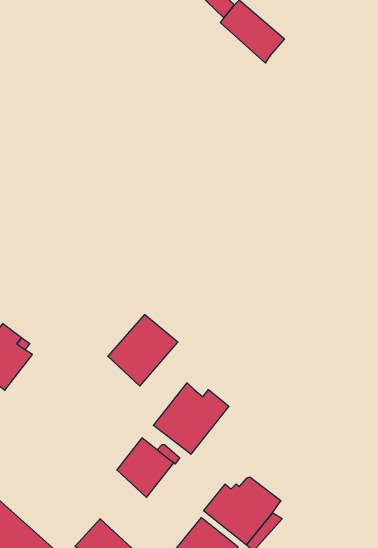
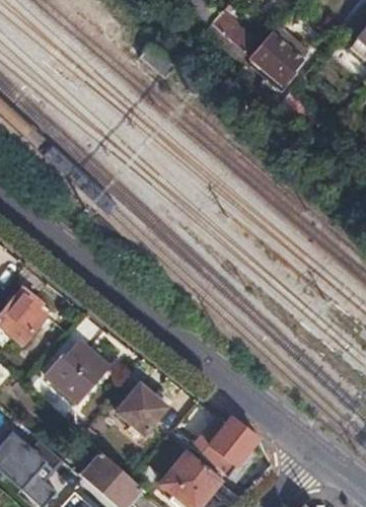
building: none -> [248,32,304,92]
building: [108,315,178,386] -> [49,342,108,403]
building: [153,383,229,454] -> none

